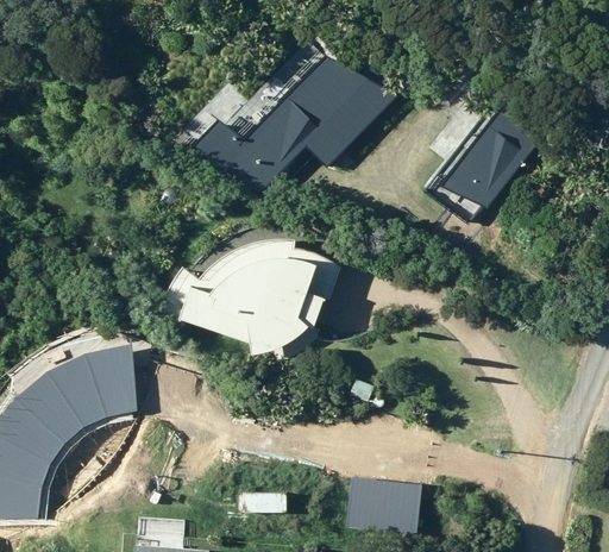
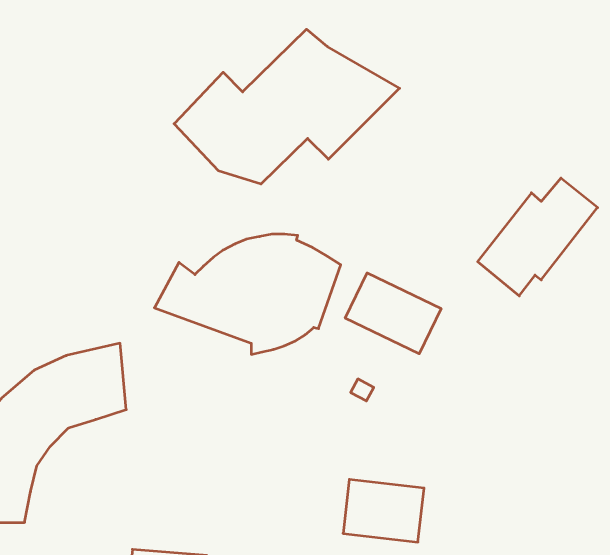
building: [428,111,545,225] -> [478,178,598,296]
building: none -> [345,273,441,354]

